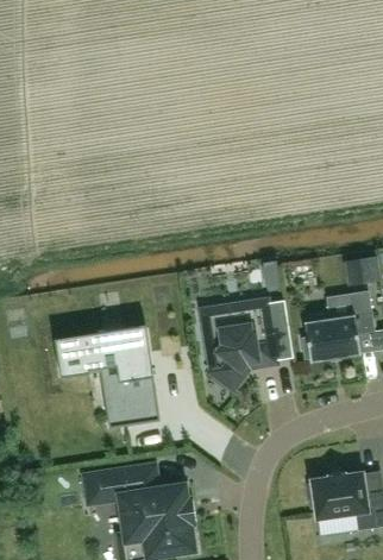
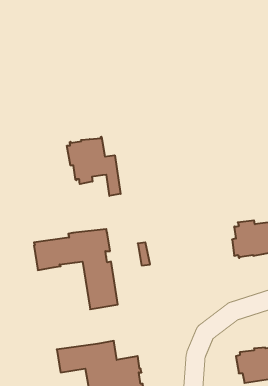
building: none -> [67,137,121,196]
building: [201,301,277,390] -> none

